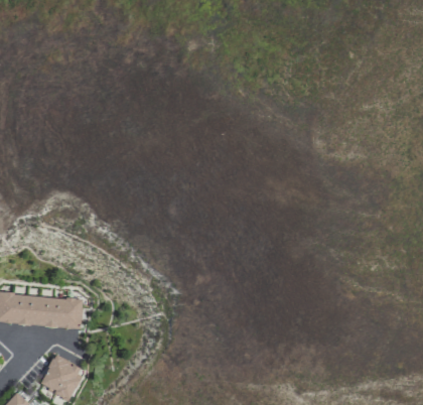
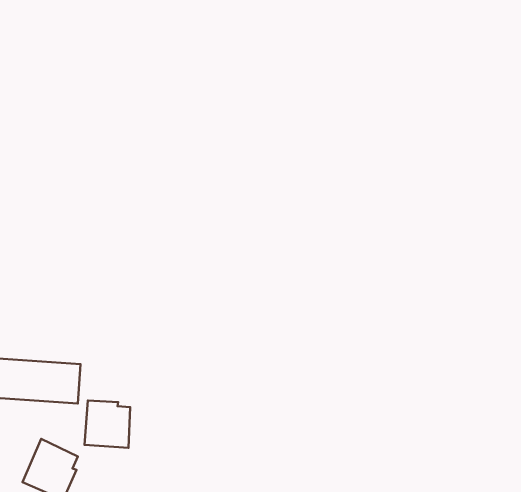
building: none -> [85,400,130,448]

